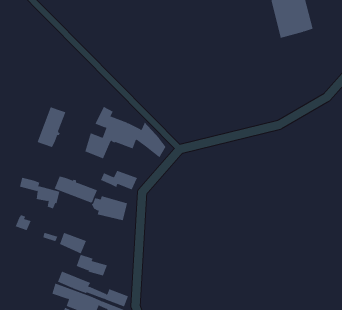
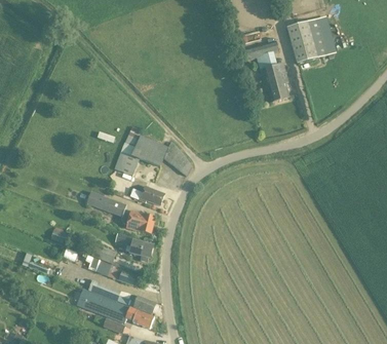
building: none -> [239,40,288,102]
building: [37,106,66,148] -> none
building: [19,177,60,209] -> [114,232,152,262]

